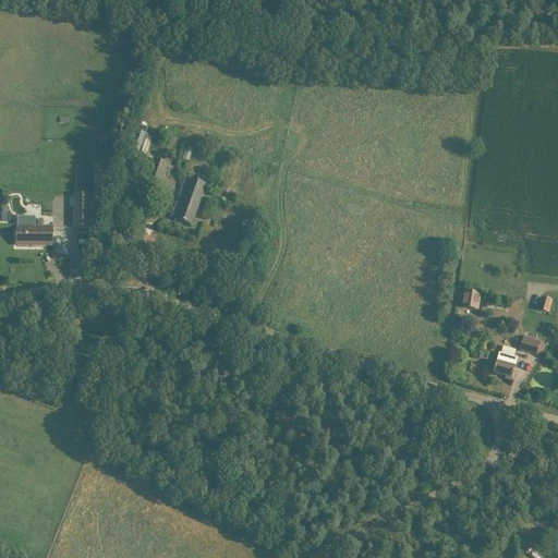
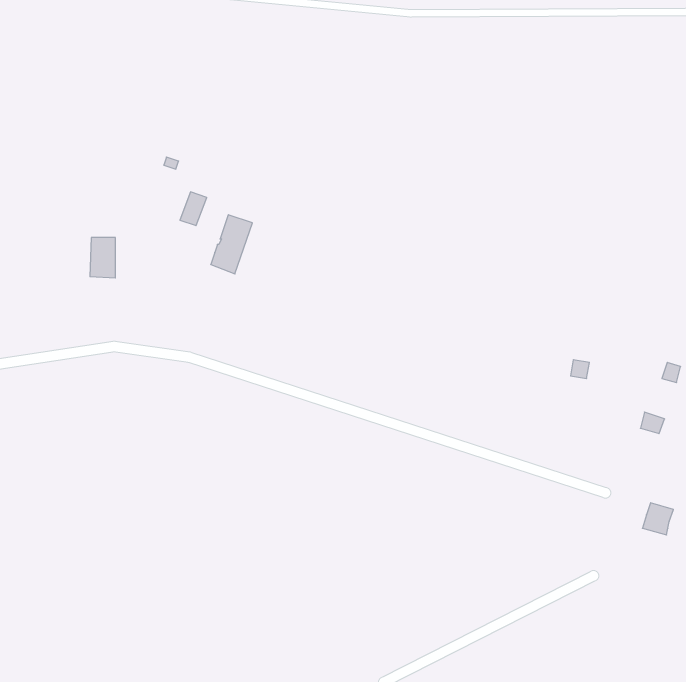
building: [16,222,52,243] -> none
building: [493,350,518,376] -> [642,503,673,535]

